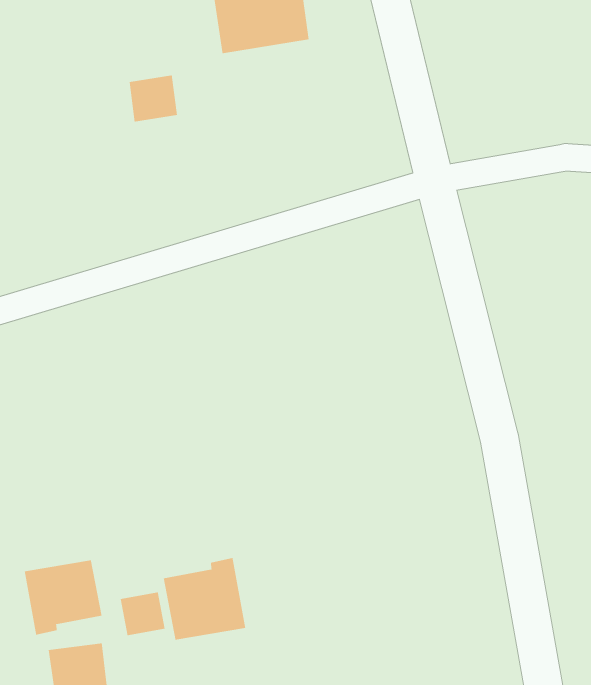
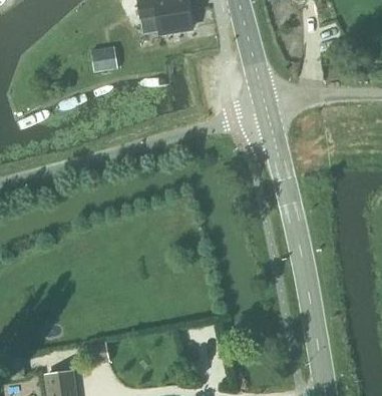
building: [163,557,246,640] -> none
building: [24,559,102,636] -> none

